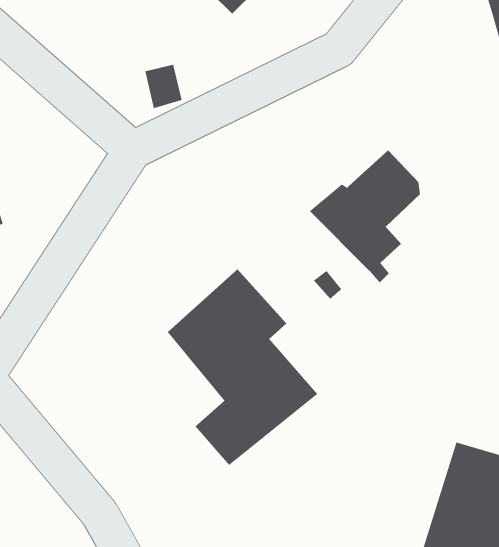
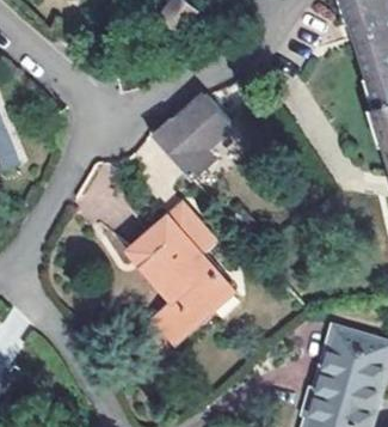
building: [309,149,421,283] -> [148,91,226,184]

